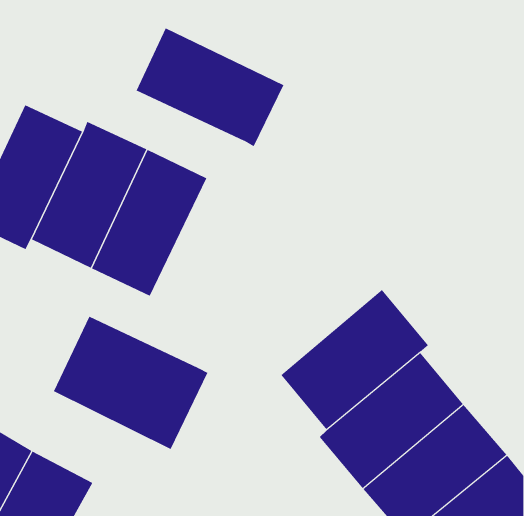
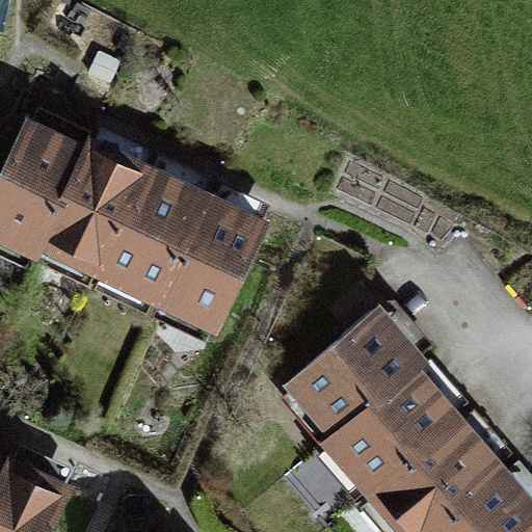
building: [136,28,284,147] -> none
building: none -> [151,192,267,339]
building: [53,316,208,450] -> none

